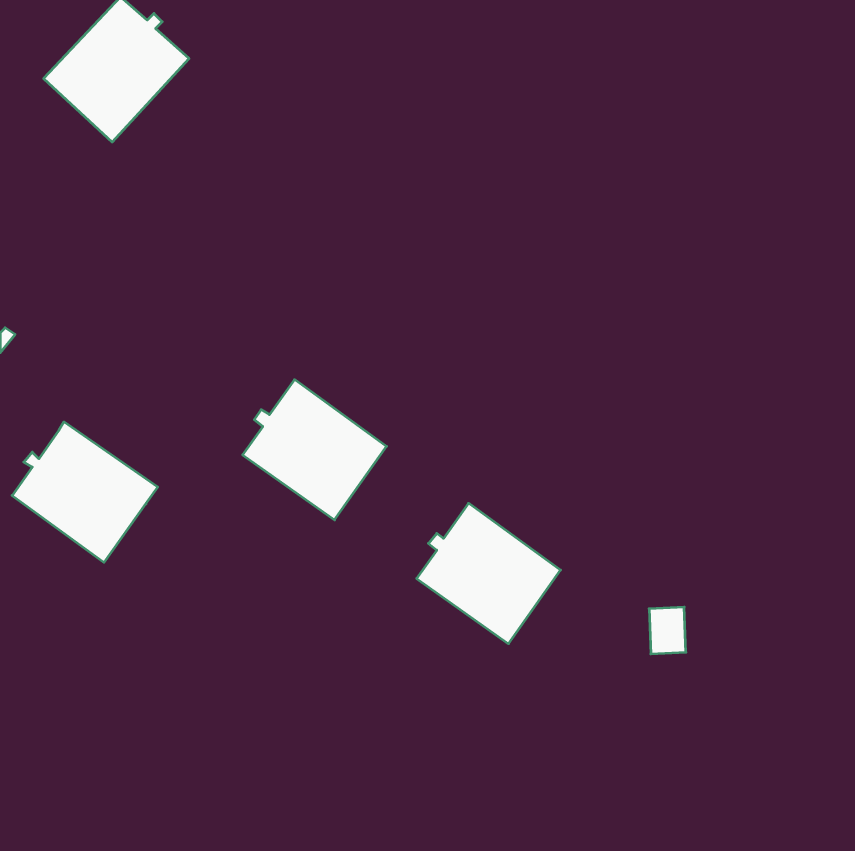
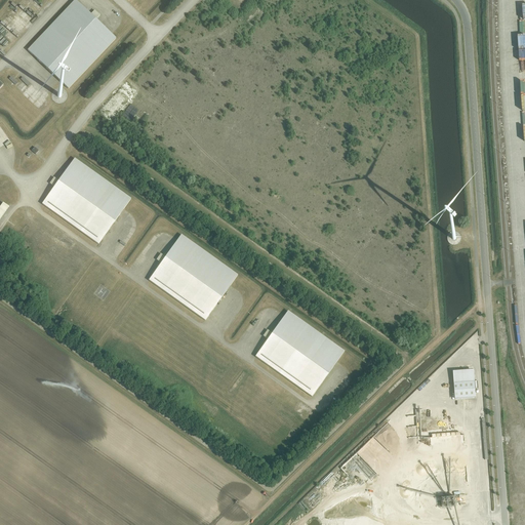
building: [12,422,158,562] -> [42,157,131,243]
building: [649,607,686,654] -> [454,369,477,398]

